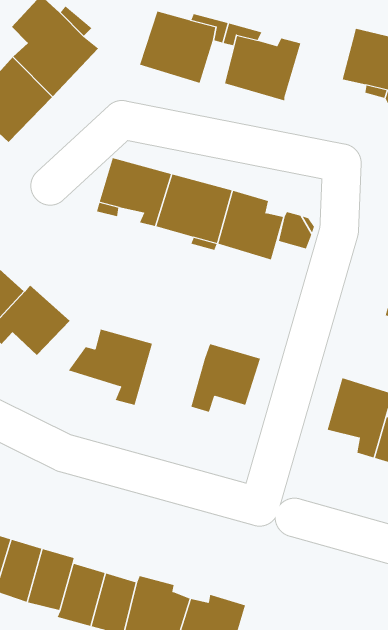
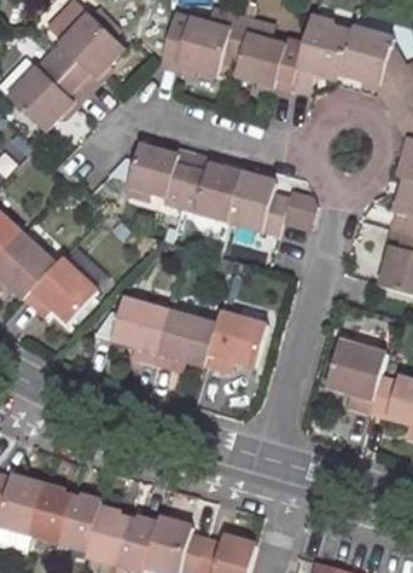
building: none -> [290,15,351,93]
building: none -> [156,309,217,369]

